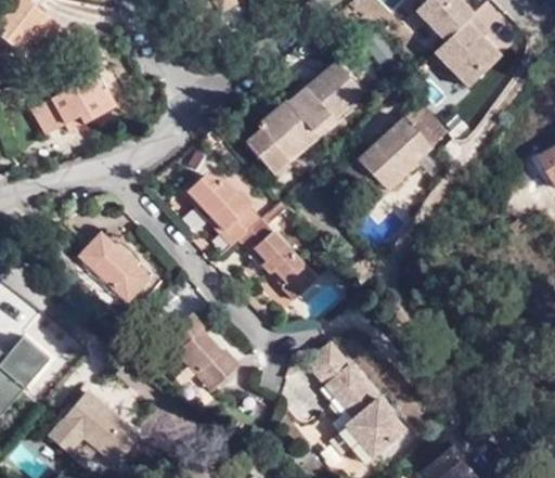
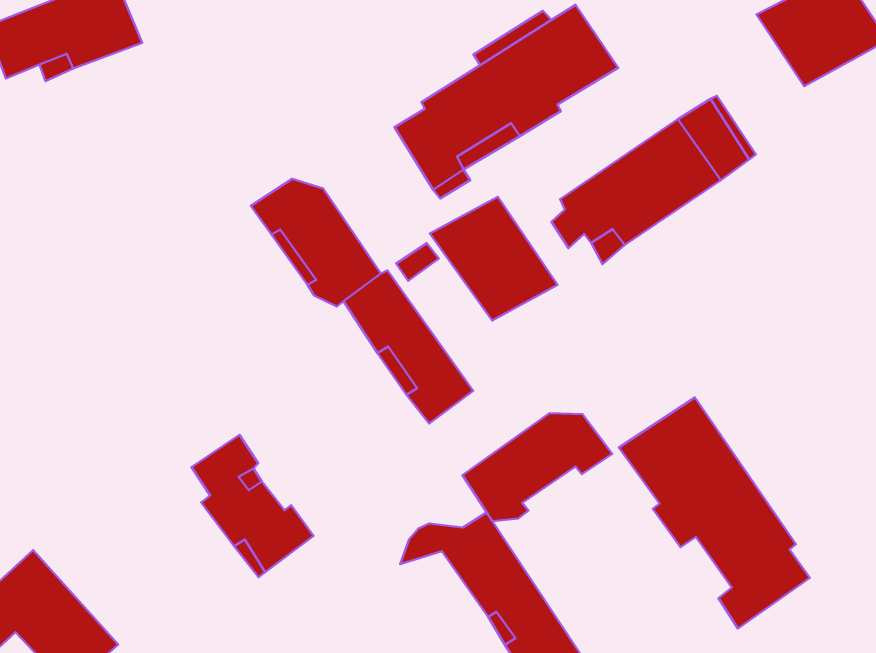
building: none -> [430,197,558,320]
building: [72,230,146,299] -> none
building: none -> [619,397,810,628]
building: none -> [462,413,612,521]

